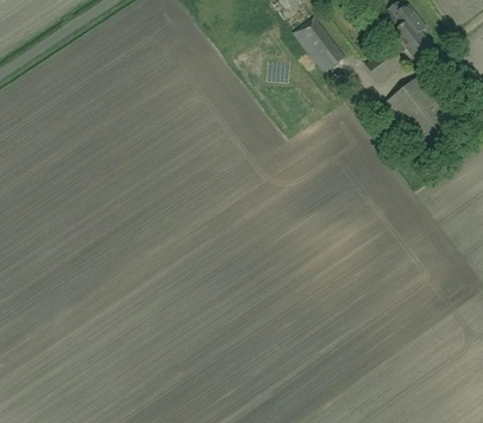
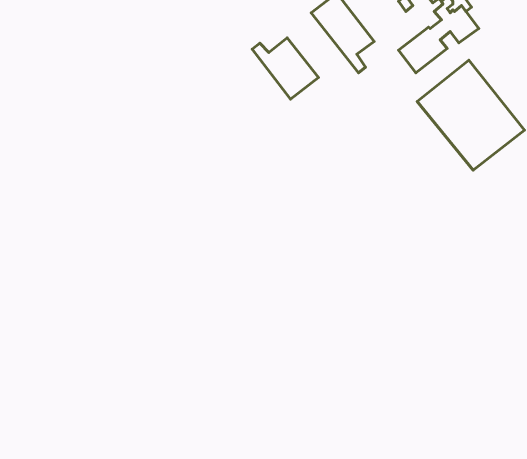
building: none -> [252,38,319,99]

